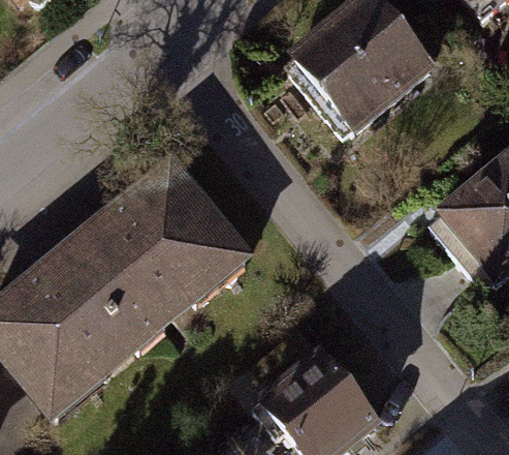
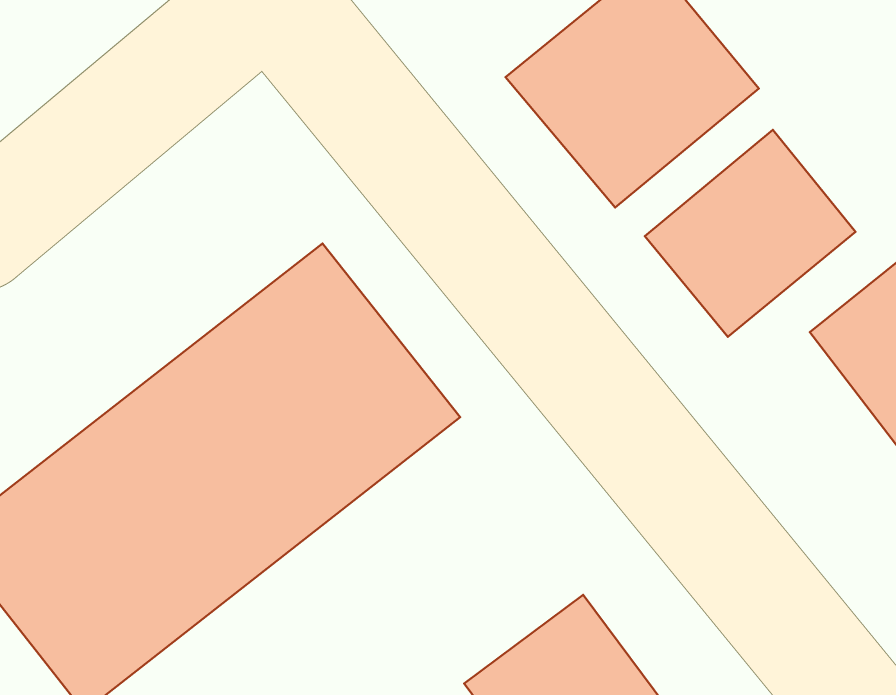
building: none -> [645,130,856,337]

